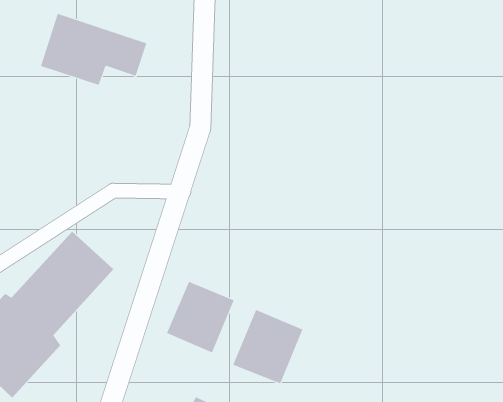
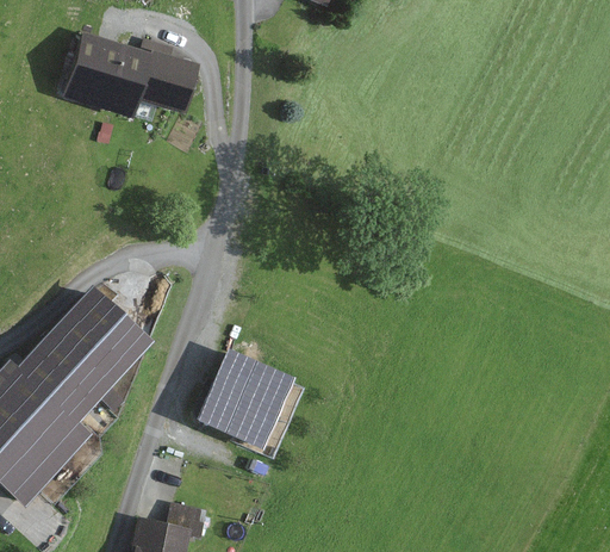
building: [233,309,303,384] -> none

